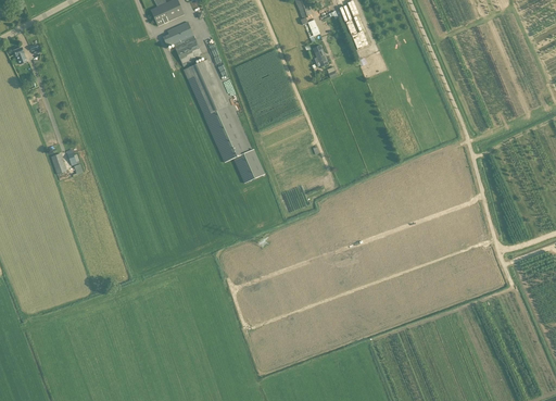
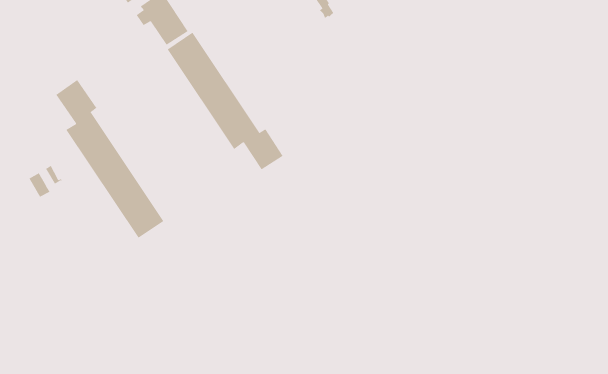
building: none -> [56,79,164,238]

